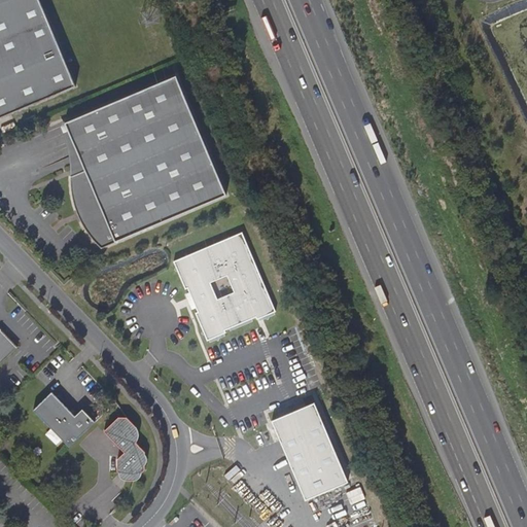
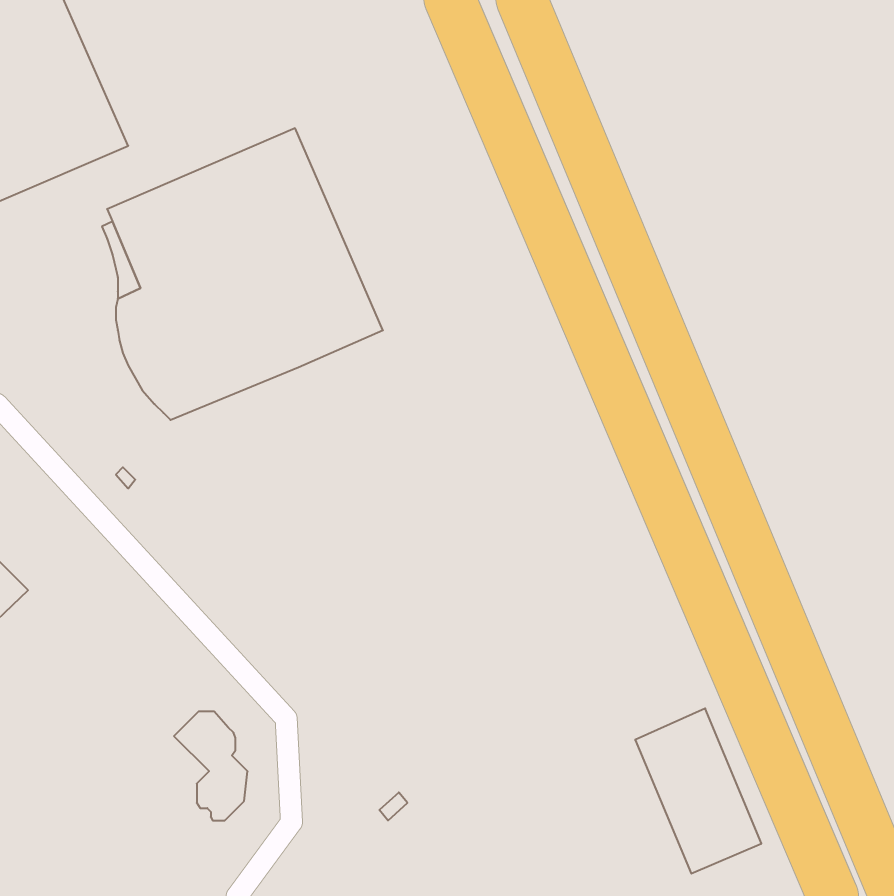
building: [174,231,276,339] -> none
building: [32,391,94,446] -> none
building: [272,401,346,498] -> [635,708,761,874]

